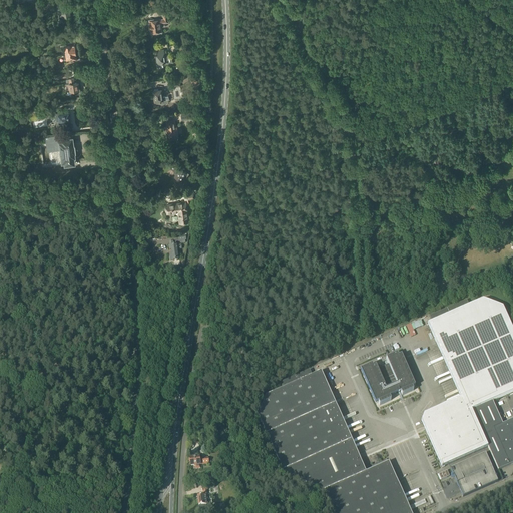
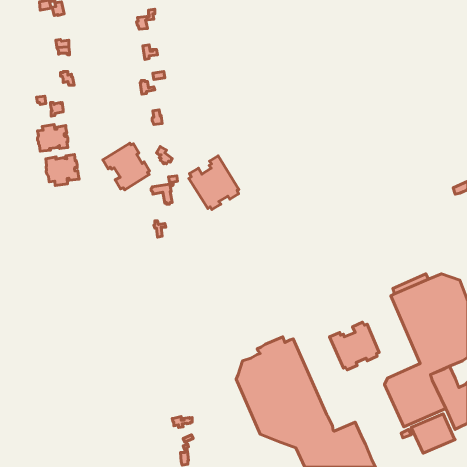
building: none -> [103,143,150,190]
building: none -> [46,154,79,186]
building: none -> [189,156,239,210]

